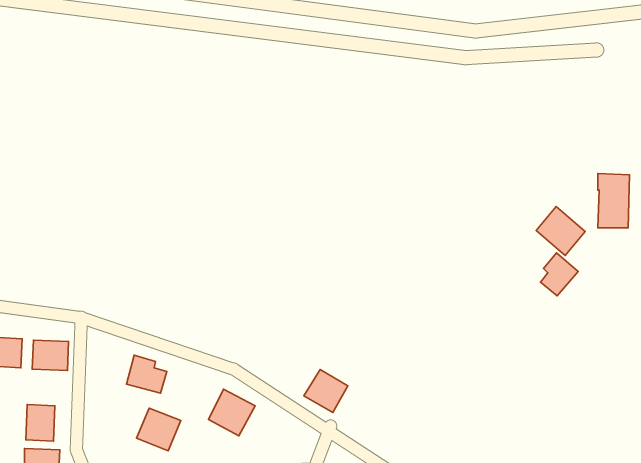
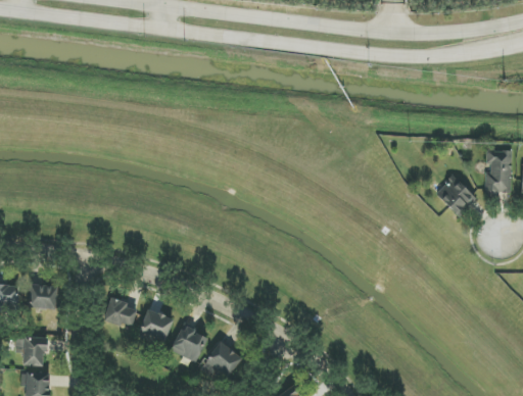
building: [540,253,578,296] -> none
building: [304,369,348,412] -> [205,341,241,376]
building: [137,408,181,451] -> [138,308,174,343]

